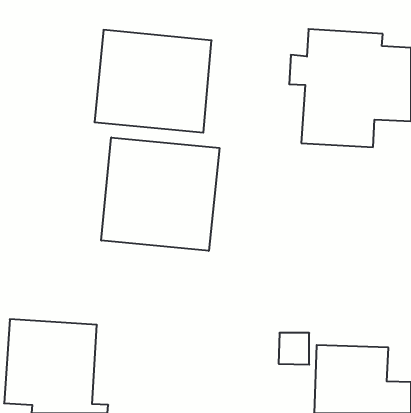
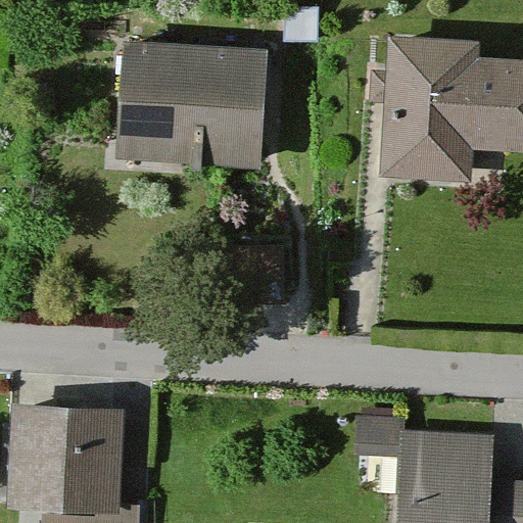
building: [101,137,219,251] -> none

